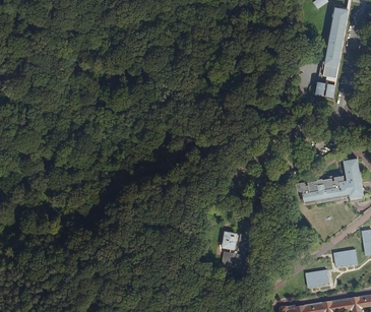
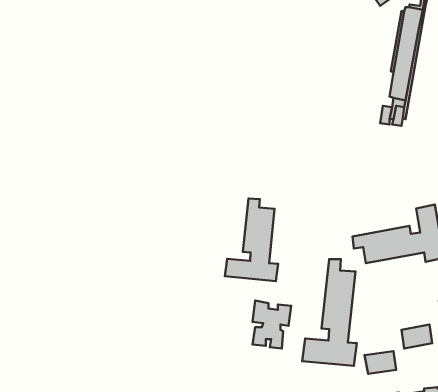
building: none -> [225,199,278,281]
building: none -> [302,259,357,366]

